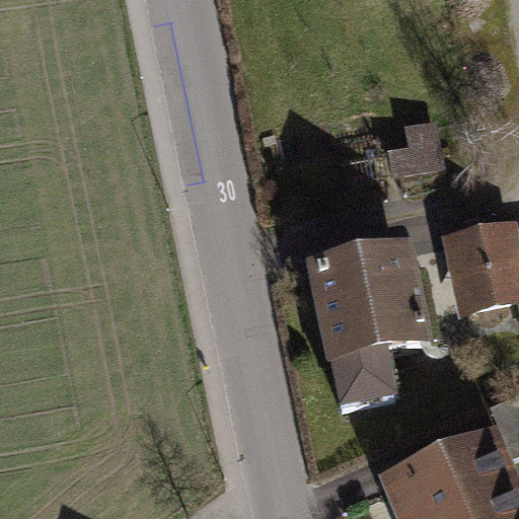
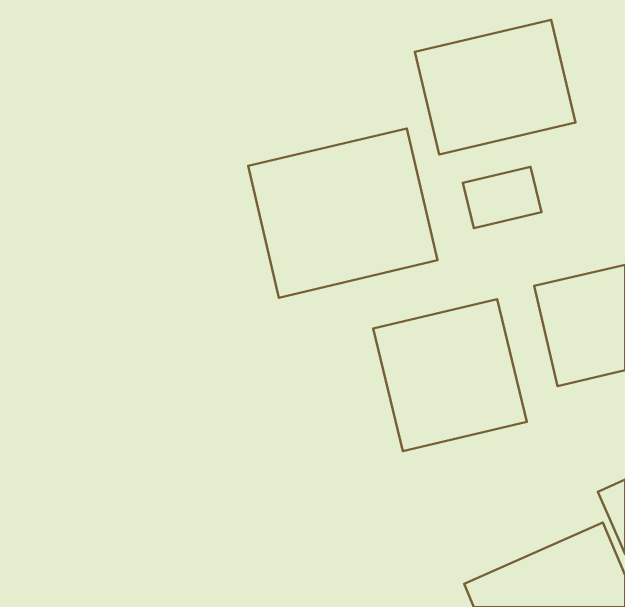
building: none -> [415,20,576,155]
building: none -> [248,128,438,298]

